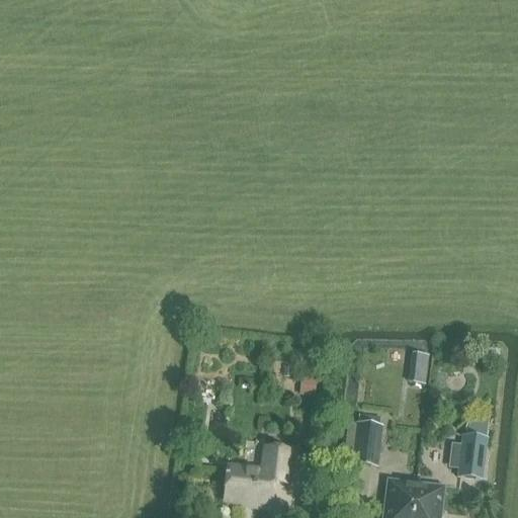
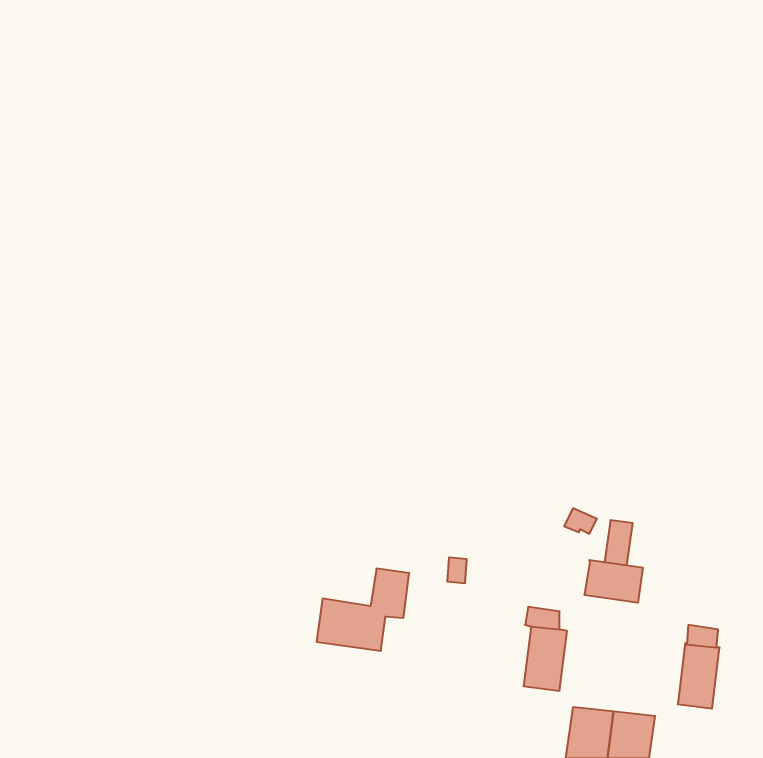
building: none -> [584,560,643,603]
building: [227,447,289,503] -> [317,569,409,651]

